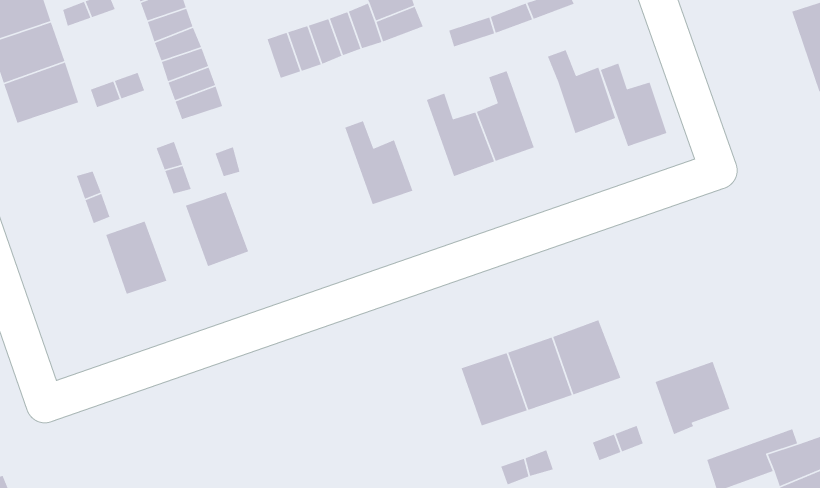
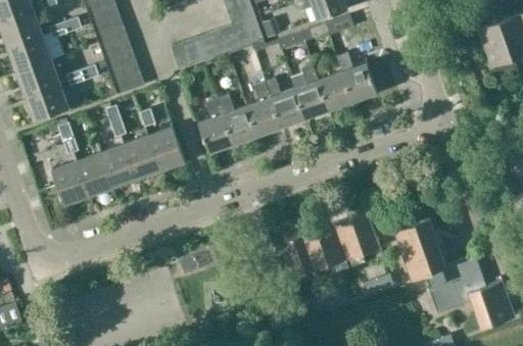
building: [600,62,667,147] -> [313,60,352,110]
building: none -> [246,82,281,136]
building: none -> [23,84,69,120]
building: none -> [197,98,233,153]
building: none -> [147,127,185,171]
building: none -> [99,144,136,189]
building: none -> [51,161,88,206]
building: none -> [393,217,434,248]
building: none -> [422,254,481,294]

